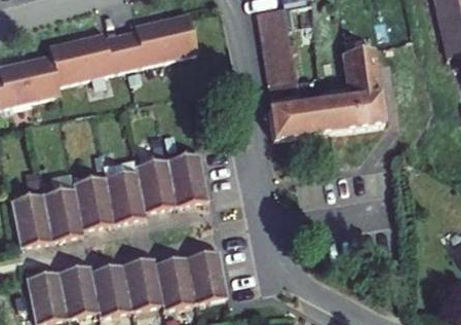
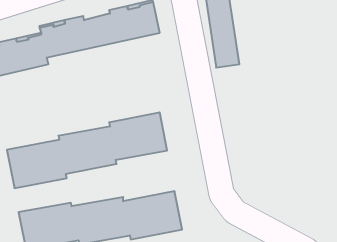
building: [267,39,387,141] -> none

